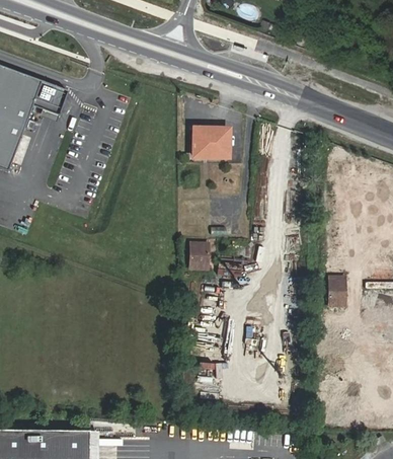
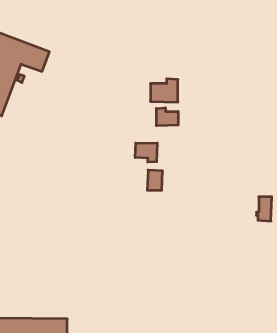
building: none -> [156,108,178,126]
building: none -> [135,143,157,162]

